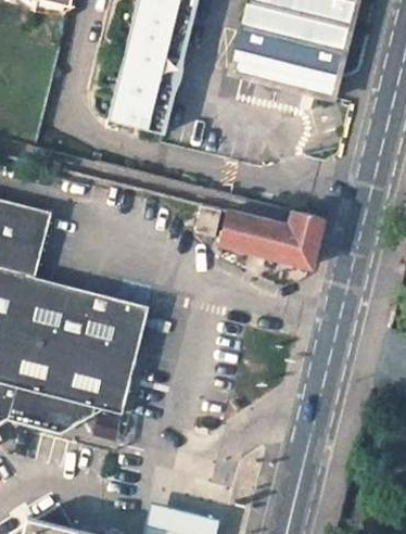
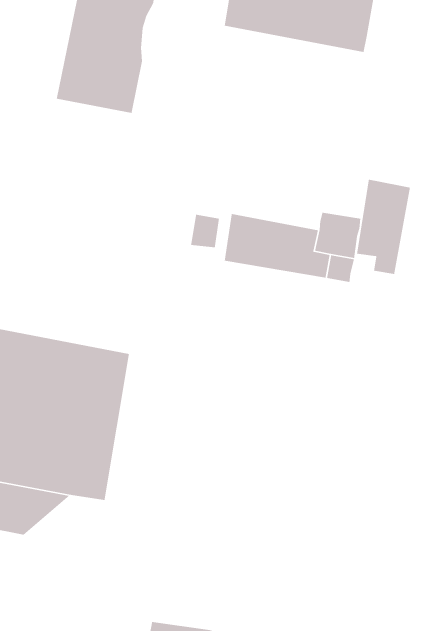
building: none -> [356,179,411,275]

